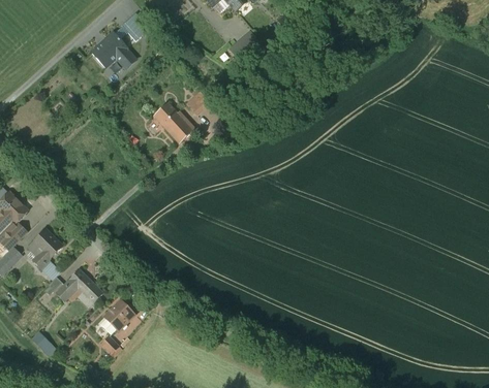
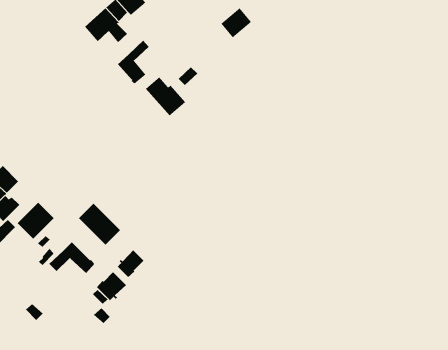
building: none -> [117,40,150,85]
building: none -> [78,203,121,246]
building: none -> [116,249,145,278]

